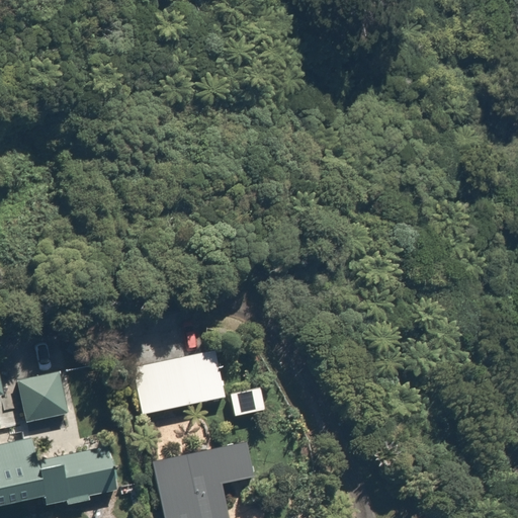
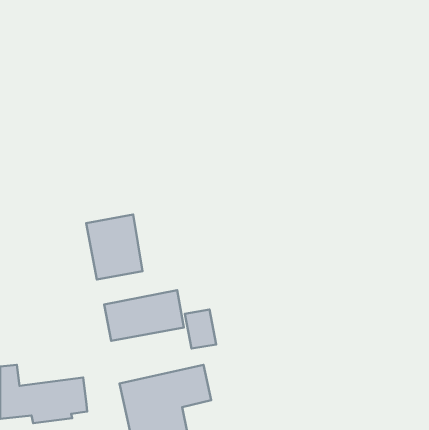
building: none -> [86,214,143,280]
building: [17,373,72,437] -> none

